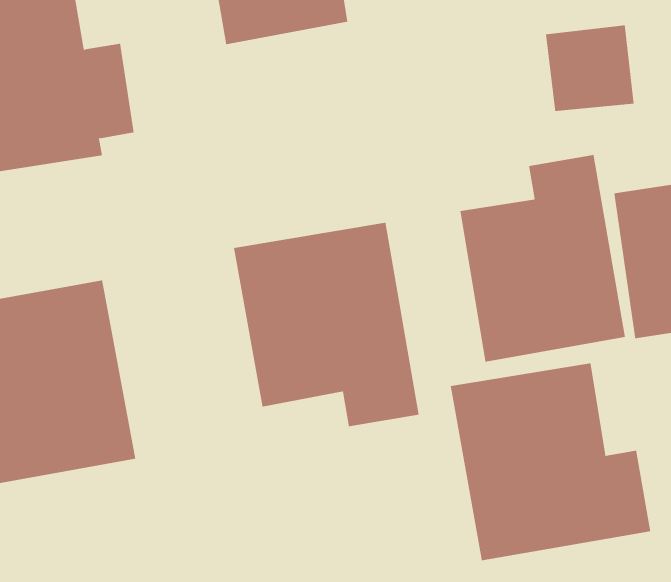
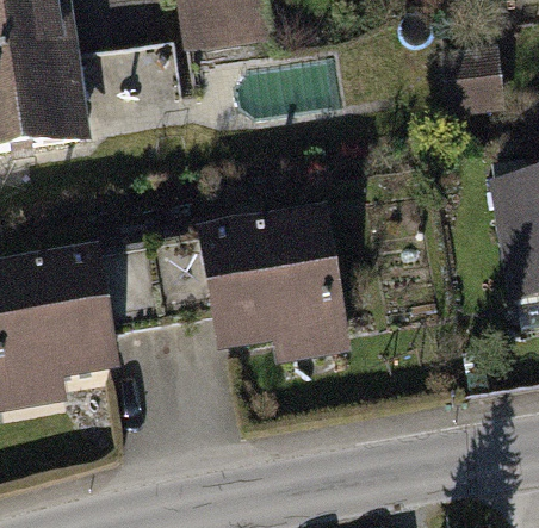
building: [460,154,625,362] -> none
building: [450,362,651,561] -> none

